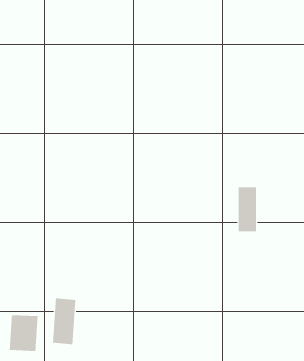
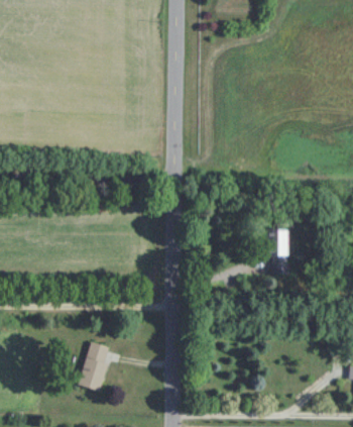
building: [9,314,38,352] -> none

